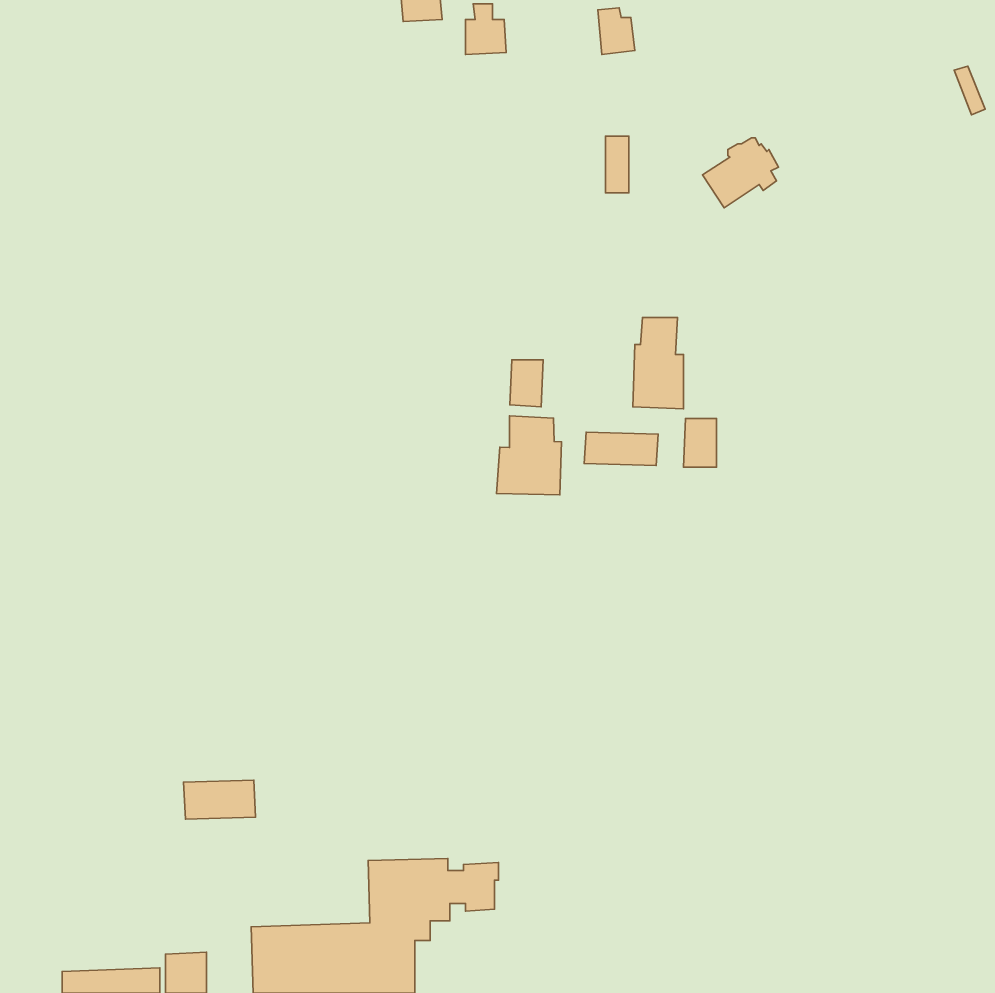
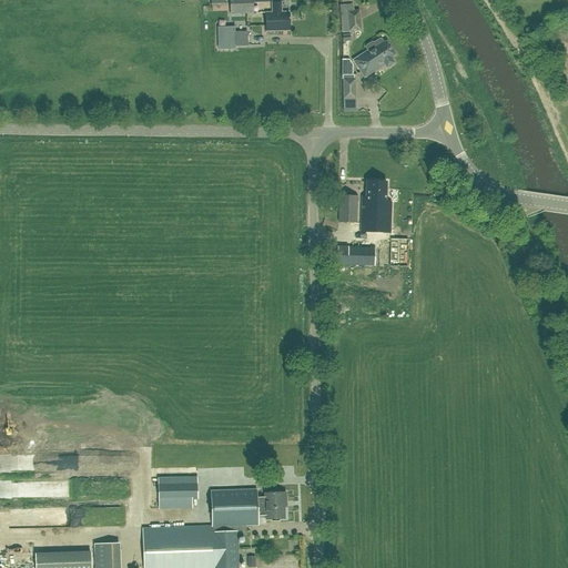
building: none -> [217,26,248,49]
building: [703,138,779,208] -> [352,38,395,78]
building: [510,360,543,407] -> [338,196,357,223]
building: [496,416,561,495] -> none
building: [184,780,256,819] -> [156,477,197,499]

